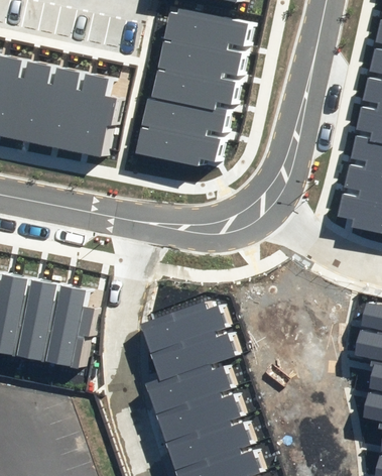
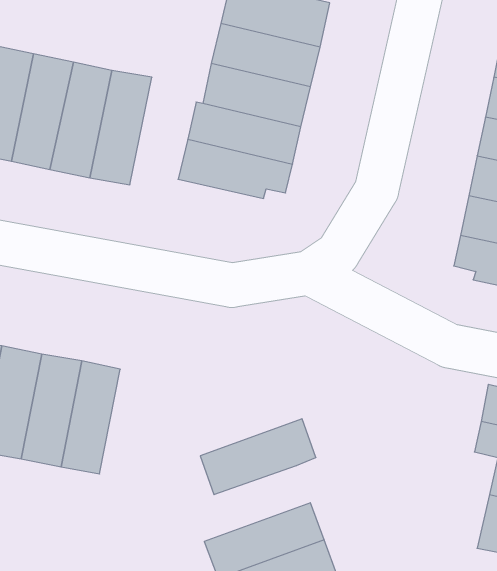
building: [141,298,227,355] -> none
building: [145,362,233,418] -> none

